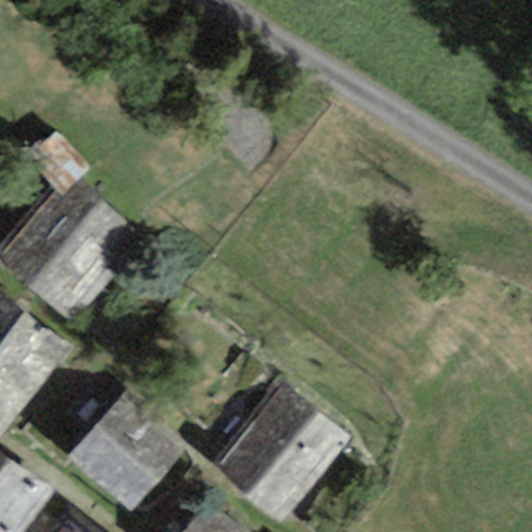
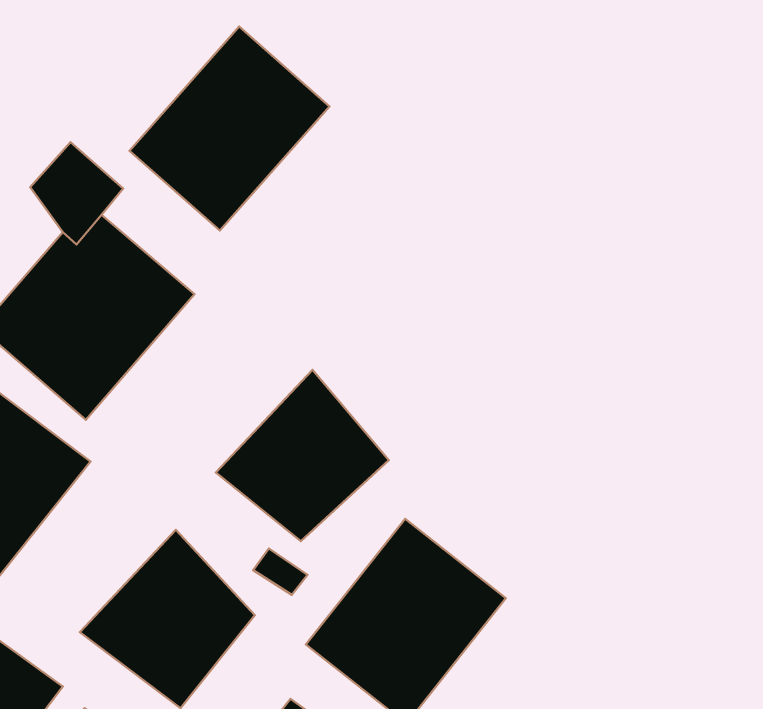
building: none -> [129,27,330,231]
building: none -> [216,370,389,541]

